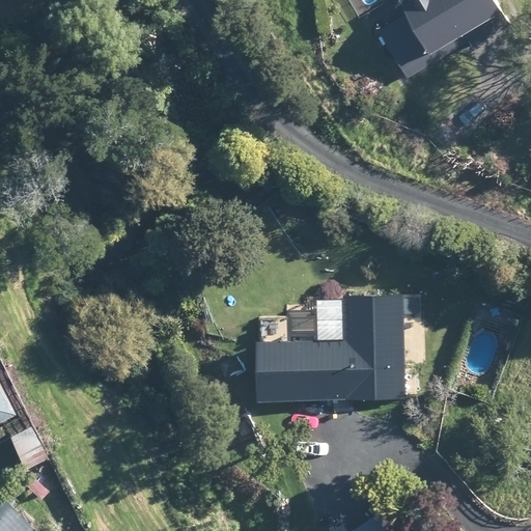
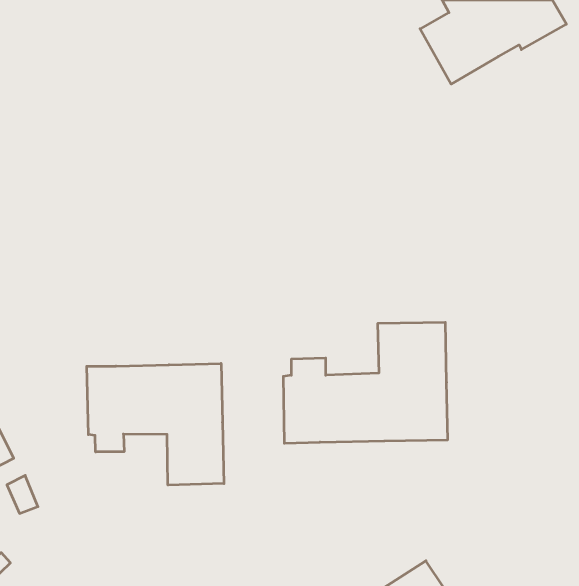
building: none -> [87,363,224,485]

